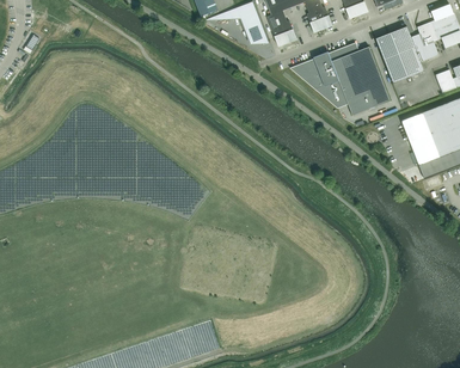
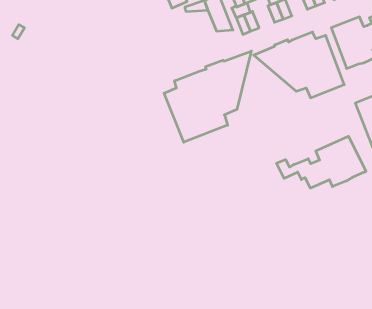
building: none -> [164,51,251,142]
building: none -> [277,136,366,188]

